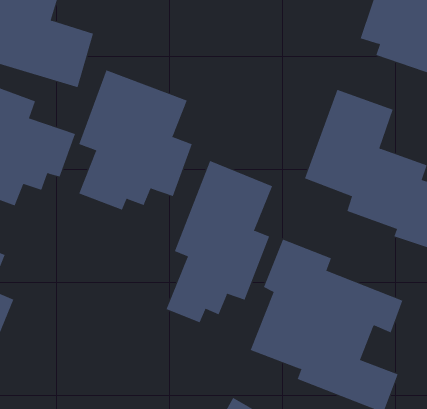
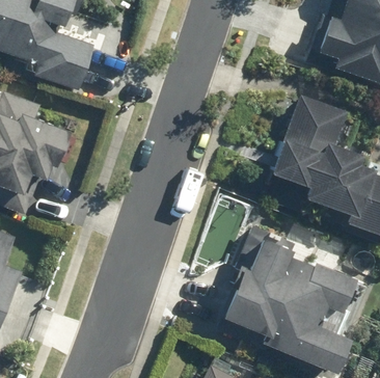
building: [78,69,193,210] -> none
building: [166,160,273,323] -> none

